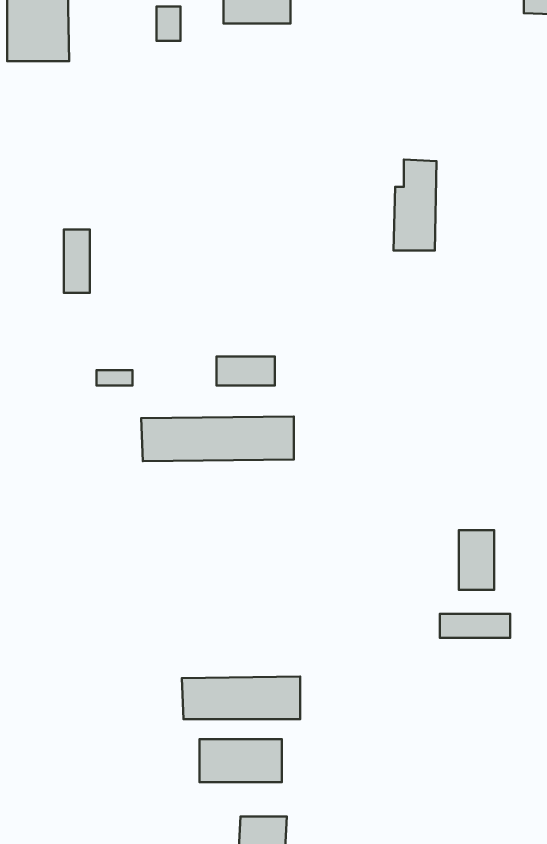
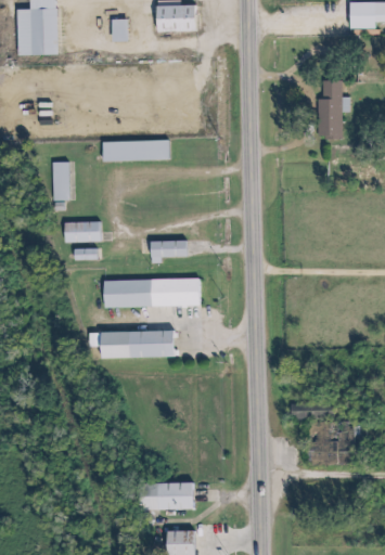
building: [394,159,436,250] -> [313,77,341,134]
building: none -> [105,141,170,160]
building: none -> [66,221,102,242]
building: [459,530,494,590] -> none
building: [182,676,300,719] -> [100,331,175,358]

